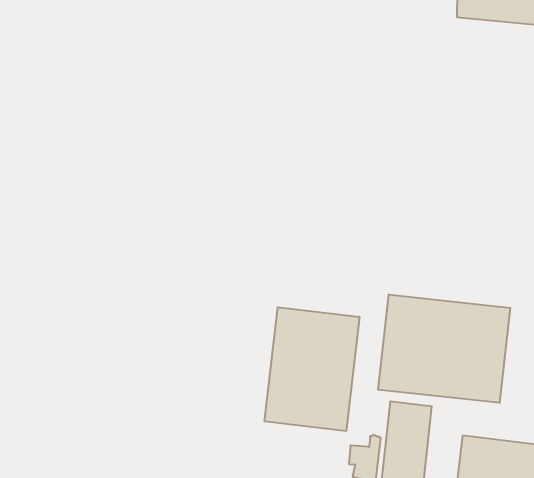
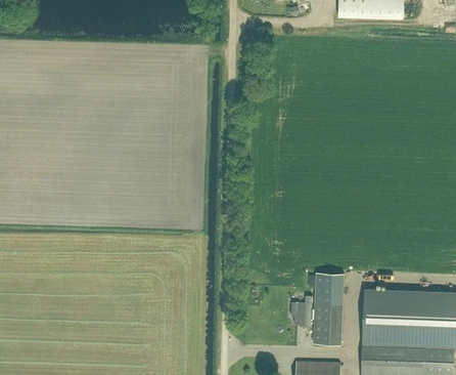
building: [378,294,510,403] -> none
building: [265,307,359,431] -> none

